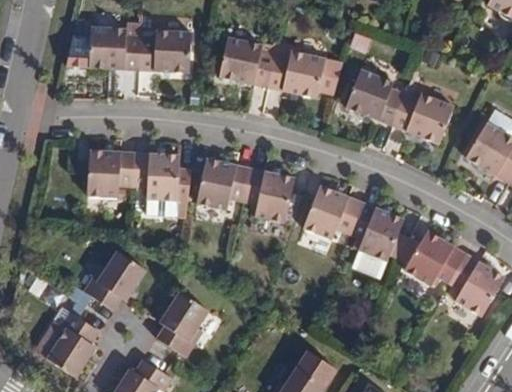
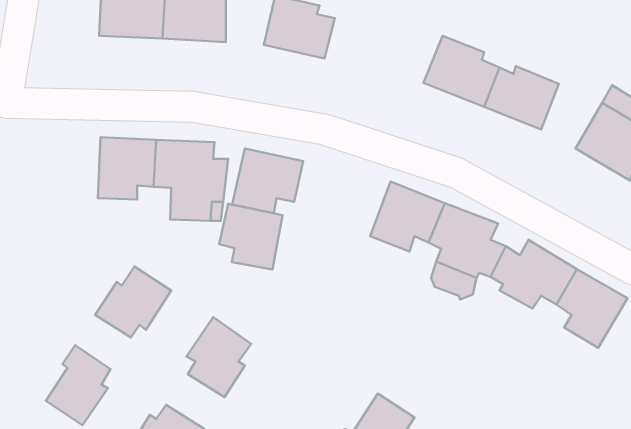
building: [267,50,343,98] -> none
building: [243,168,293,220] -> [219,204,283,270]

